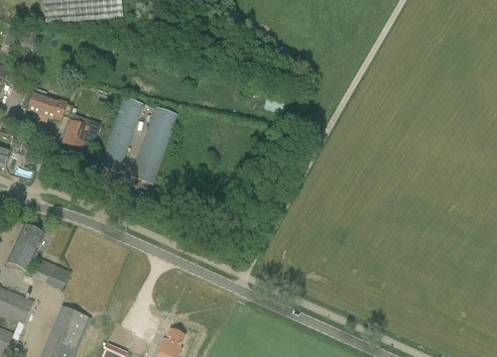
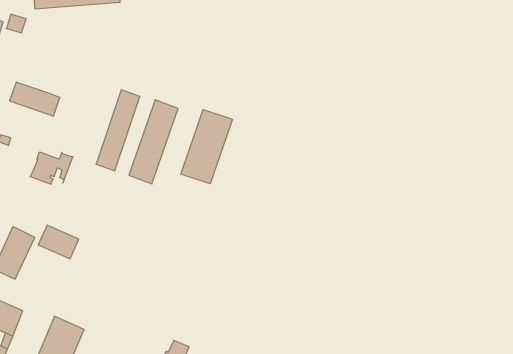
building: none -> [181,110,233,184]
building: [61,119,101,148] -> [30,152,73,184]
building: [32,258,70,289] -> [38,225,79,259]

